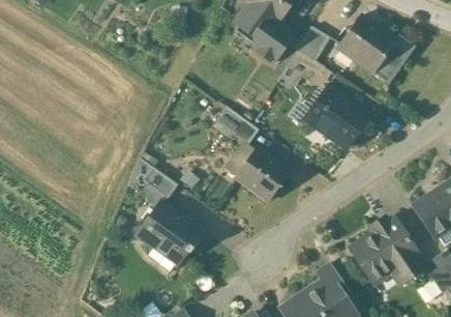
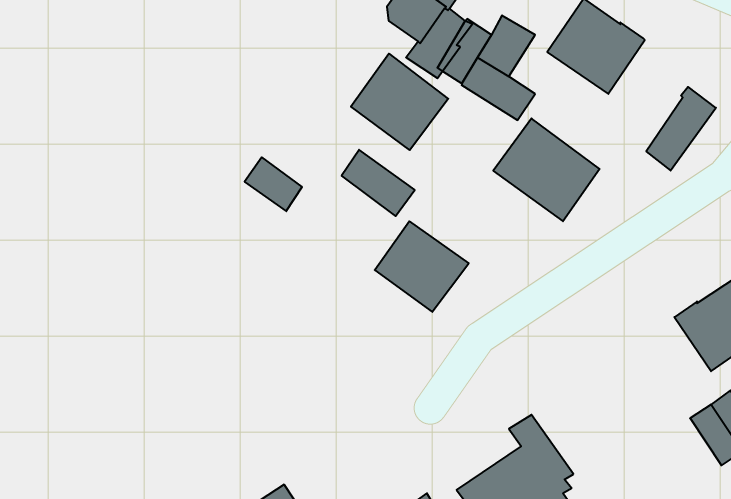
building: [373,34,415,84] -> [646,87,716,171]
building: none -> [351,54,448,150]
building: [143,167,177,199] -> [245,157,302,211]
building: [137,202,203,264] -> none
building: [349,218,417,284] -> none

